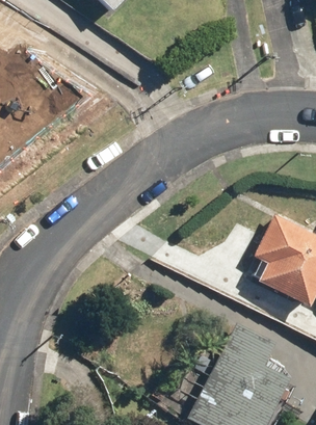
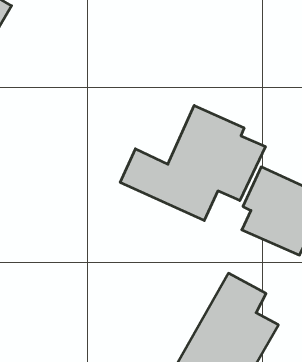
building: none -> [120,105,265,221]

